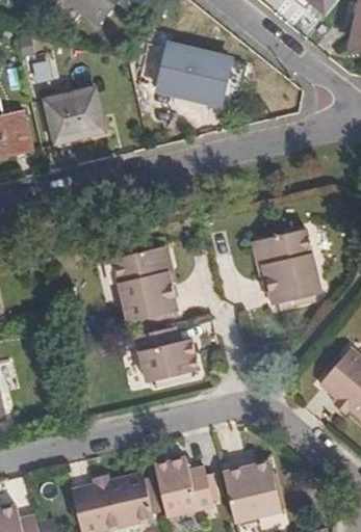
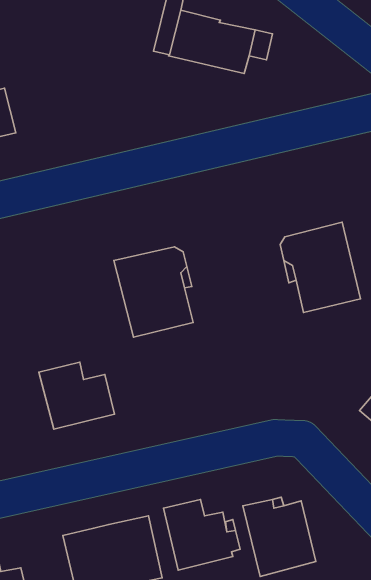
building: [45,88,105,145] -> none
building: [138,325,202,381] -> [39,362,115,429]

